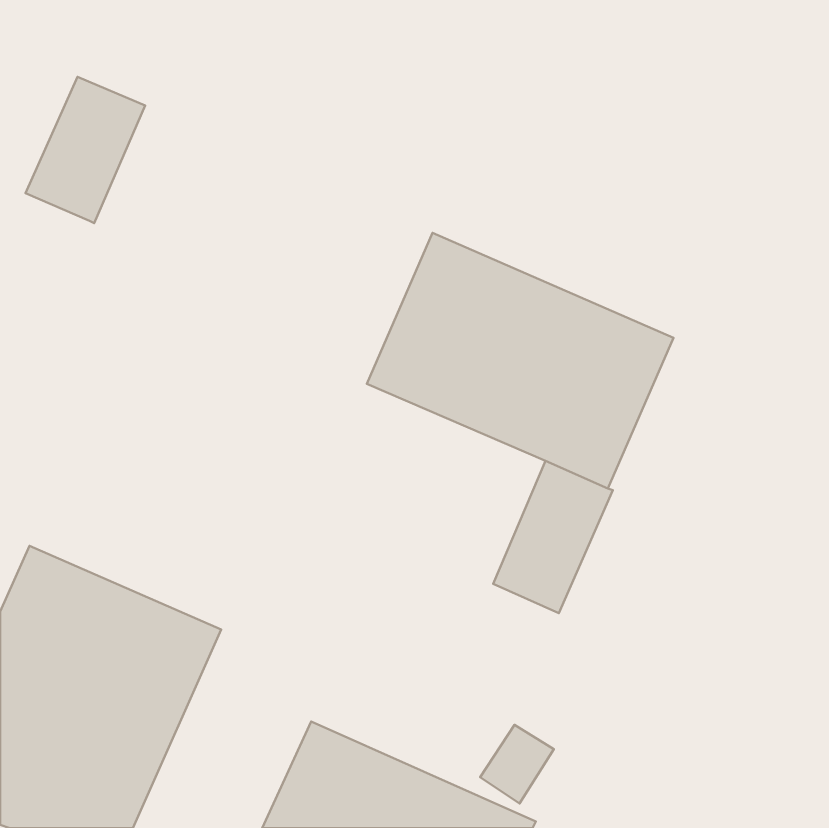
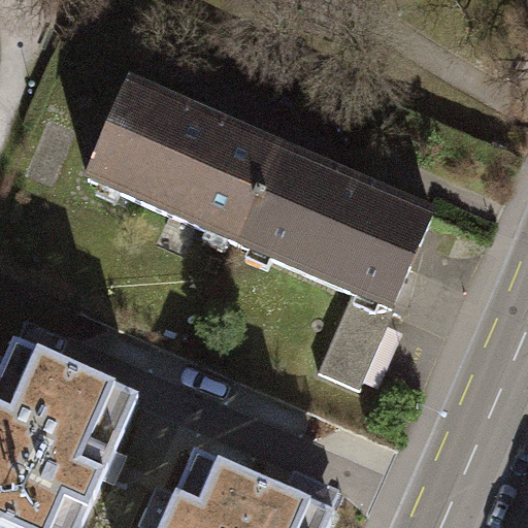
building: [25,77,145,223] -> none
building: none -> [85,80,277,241]

